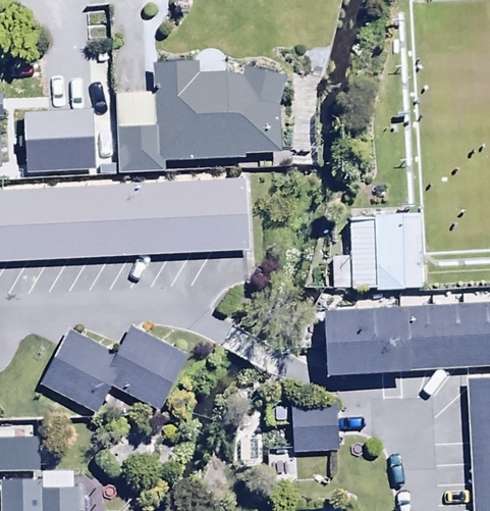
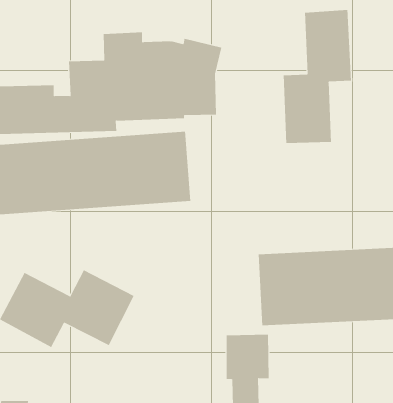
building: none -> [283,9,352,144]
building: [330,211,424,291] -> none

